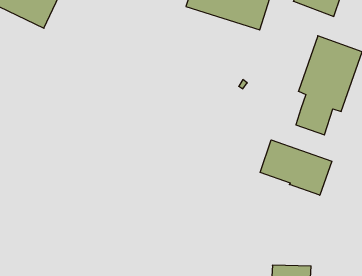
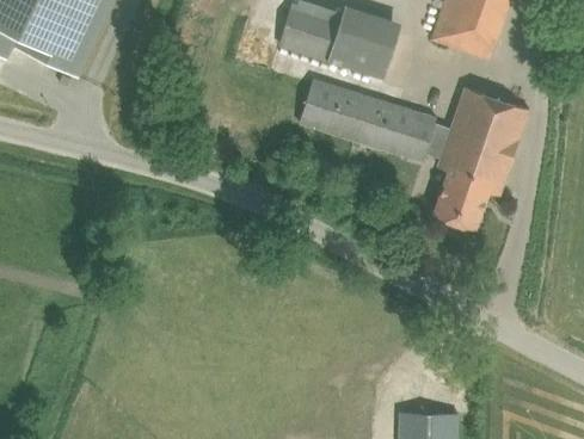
building: none -> [299,78,435,160]
building: [260,140,332,195] -> none

